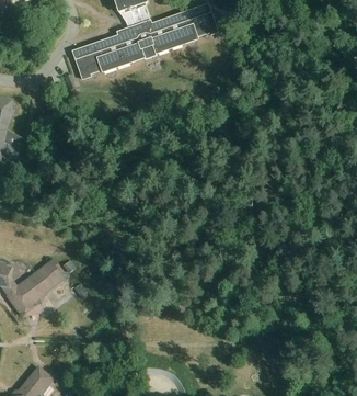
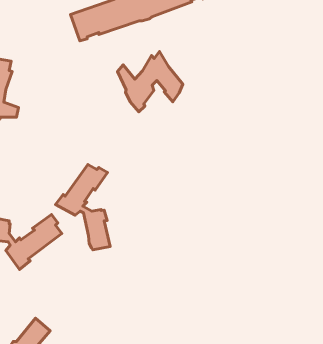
building: none -> [118,52,183,112]
building: none -> [55,164,110,250]

